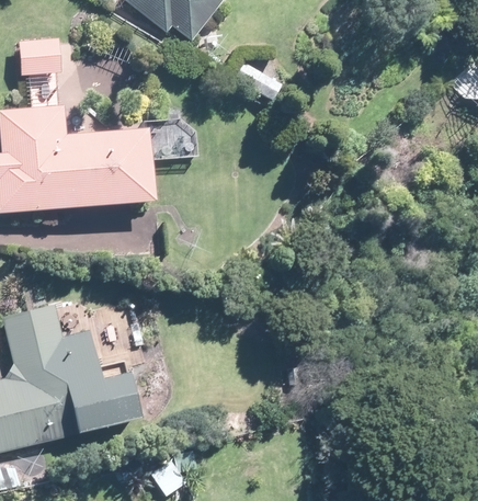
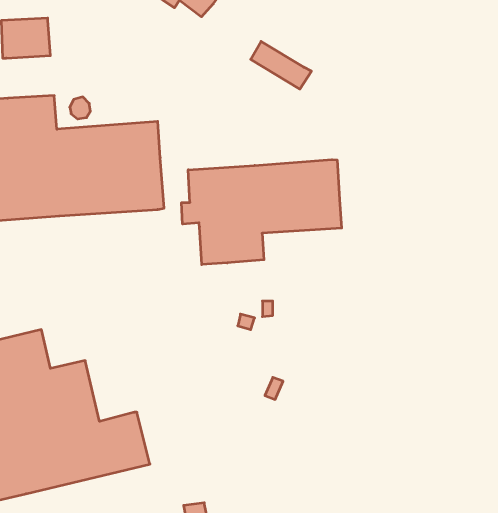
building: none -> [182,160,342,265]

